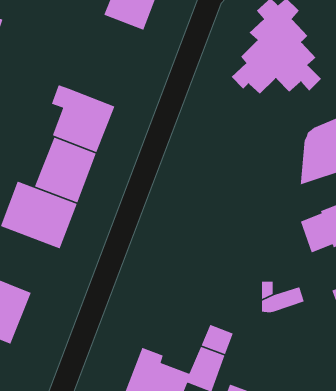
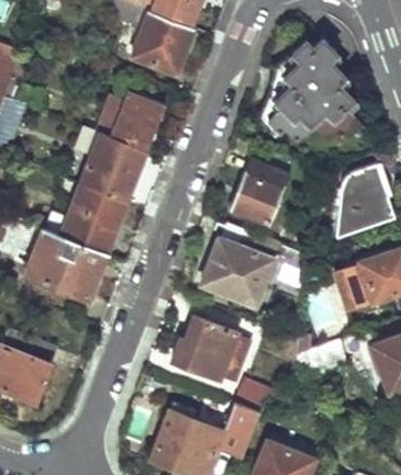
building: none -> [97,87,164,152]
building: none -> [231,159,289,224]
building: none -> [202,236,300,305]
building: none -> [171,317,240,382]

